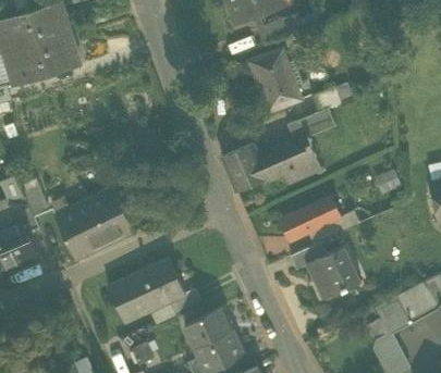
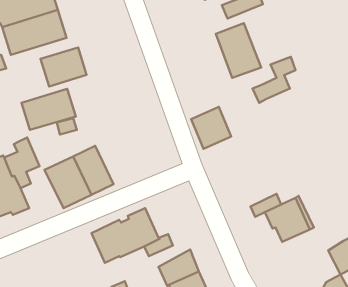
building: none -> [41,47,86,86]
building: none -> [22,89,76,130]
building: [259,135,317,177] -> none
building: [284,197,340,238] -> none

